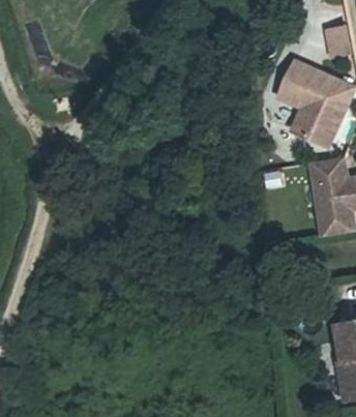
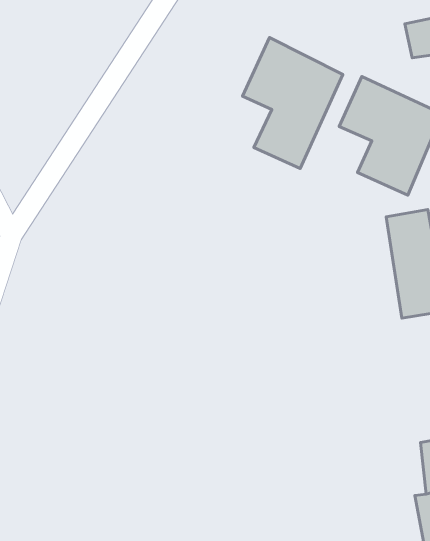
building: none -> [243,38,343,169]

